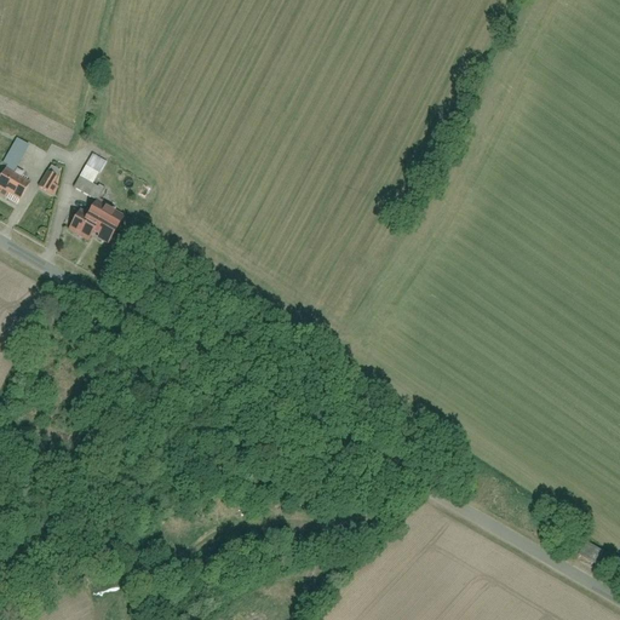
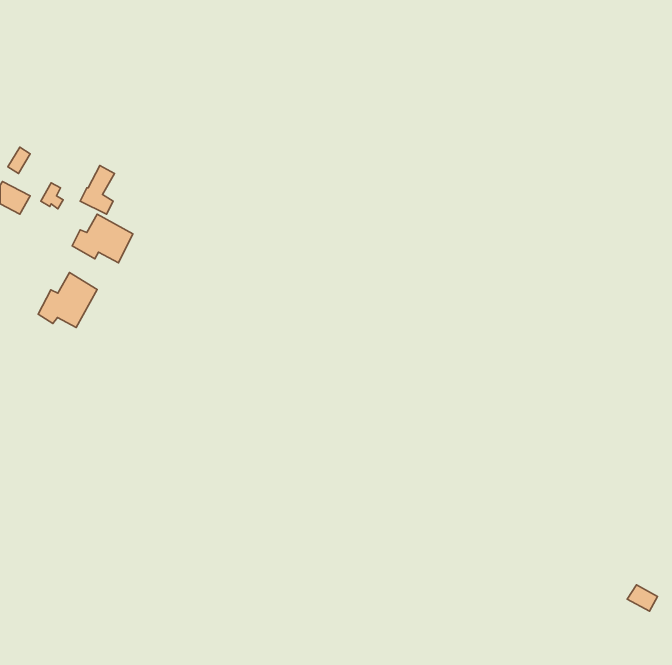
building: none -> [38,273,97,327]

